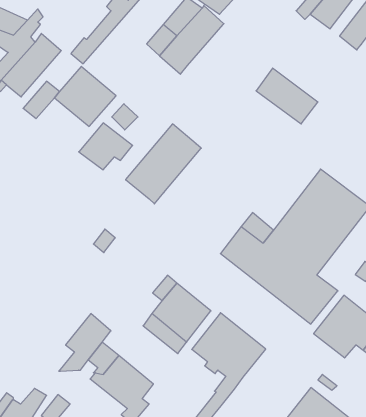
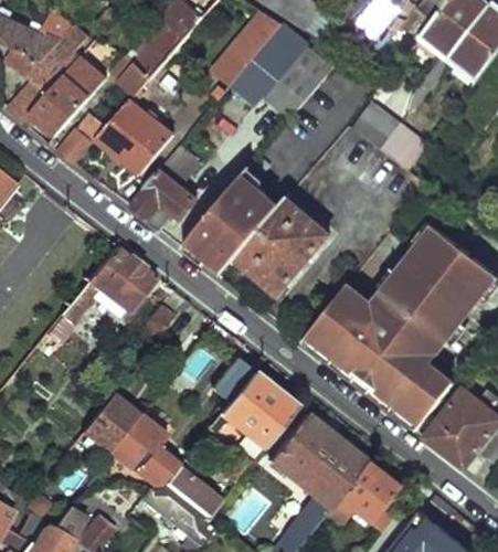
building: none -> [264,45,333,118]
building: none -> [234,198,327,294]
building: none -> [63,244,158,320]
building: none -> [82,390,141,452]
building: none -> [324,457,398,529]

